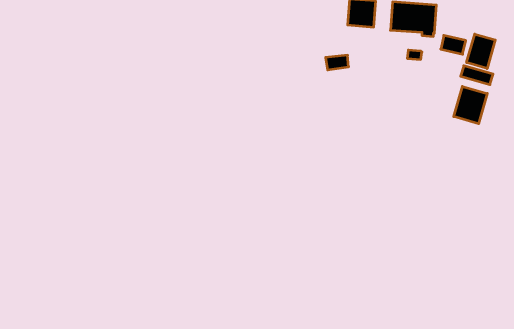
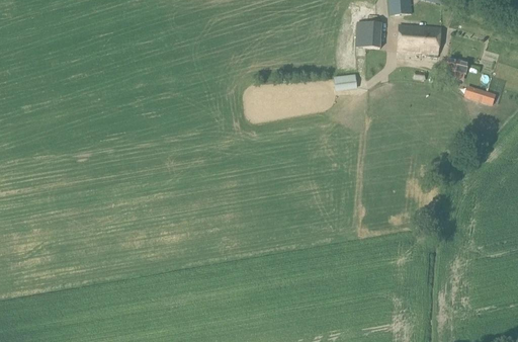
building: [467,34,495,69] -> none
building: [454,86,487,124] -> none

